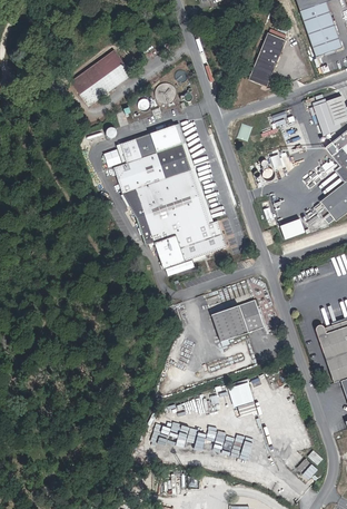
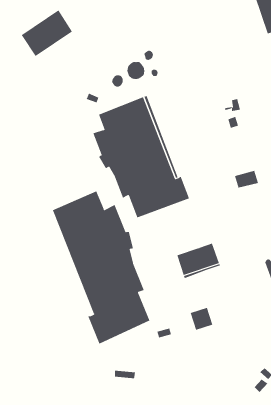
building: [249,30,286,85] -> none
building: [69,48,130,104] -> [21,10,73,57]
building: none -> [52,191,150,344]

